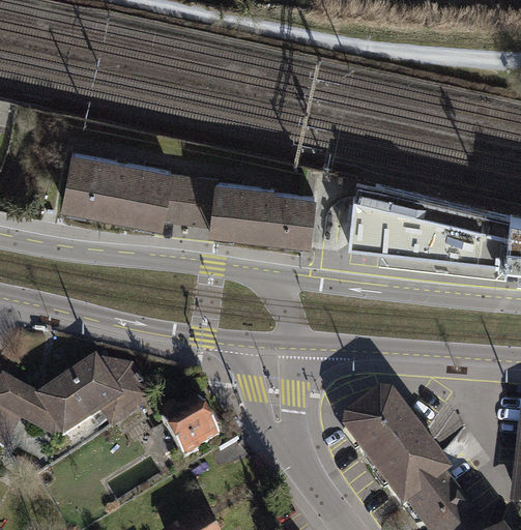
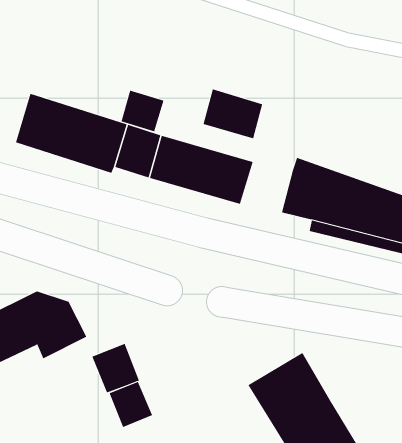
building: none -> [203,88,263,139]
building: none -> [121,90,164,132]
building: none -> [109,381,153,428]

